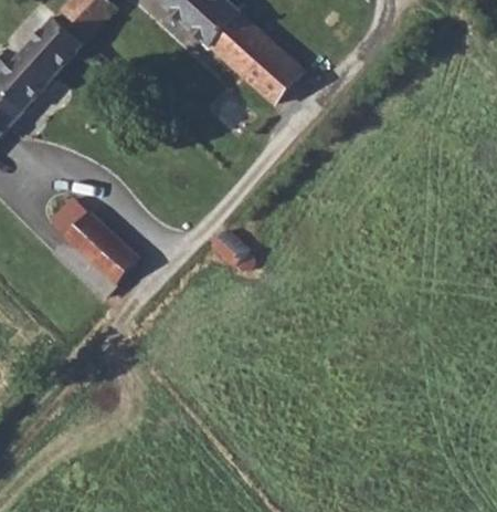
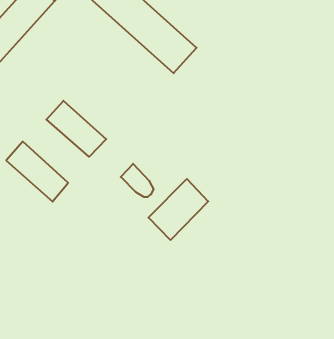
building: none -> [46,101,106,157]
building: none -> [148,179,208,240]

